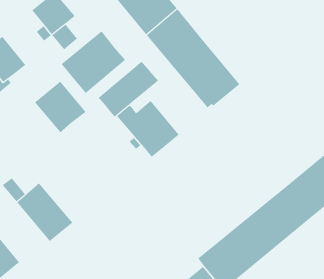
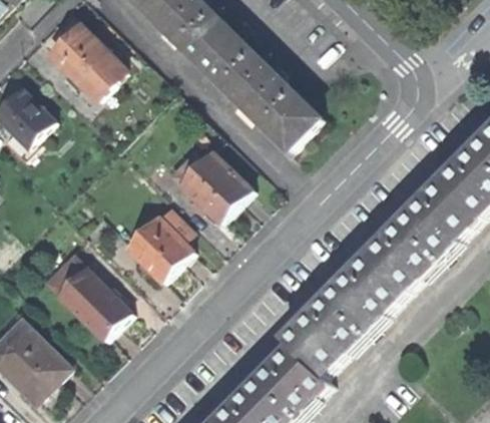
building: [61,31,126,94] -> none
building: [98,61,159,117] -> none
building: [34,81,86,133] -> [125,213,191,278]

